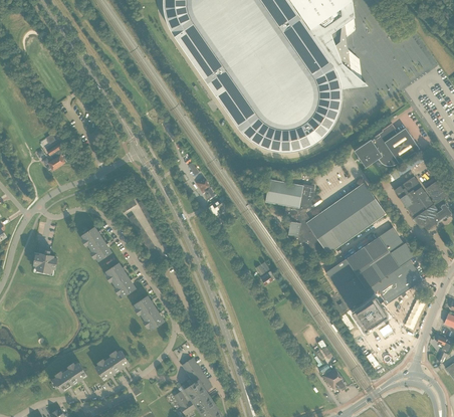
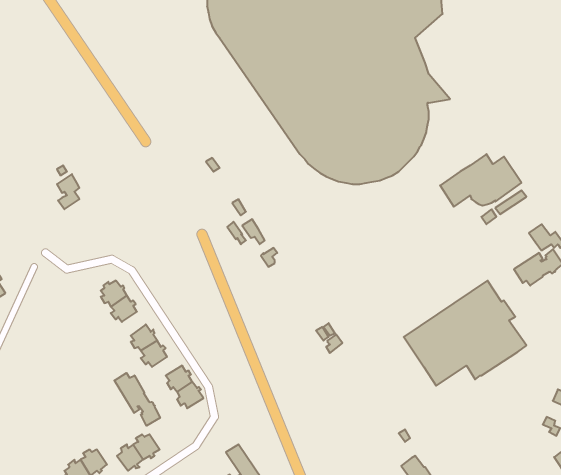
building: [394,176,433,218] -> none
building: [264,179,385,257] -> none
building: [33,248,56,274] -> none
building: [352,297,387,331] -> none
building: none -> [114,373,160,426]

